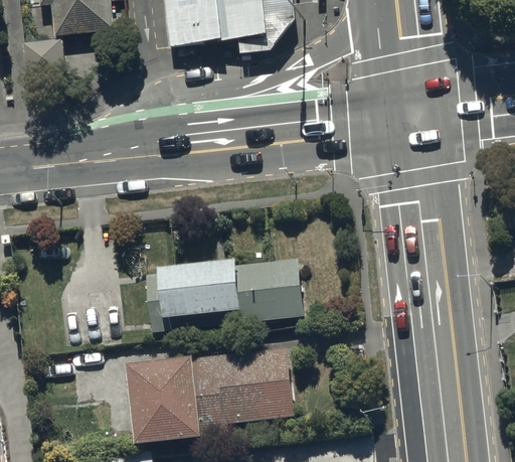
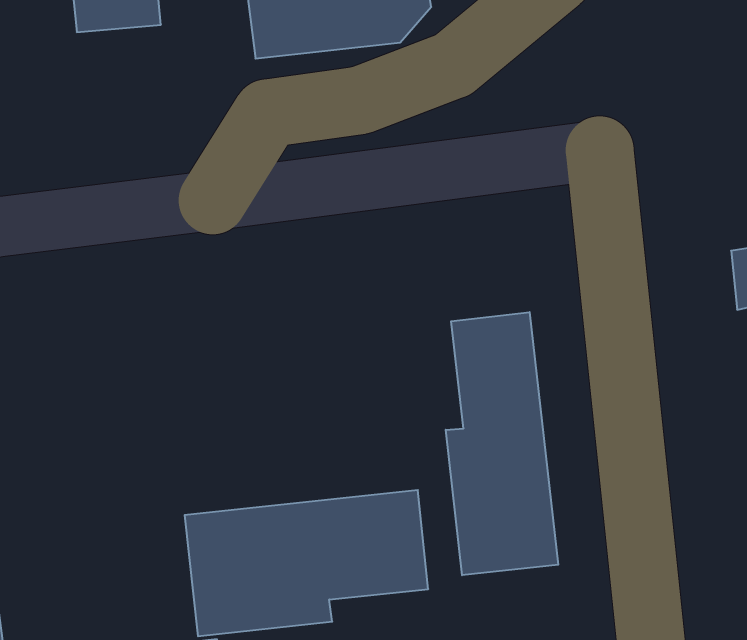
building: none -> [446,312,558,575]
building: [145,258,302,333] -> none

